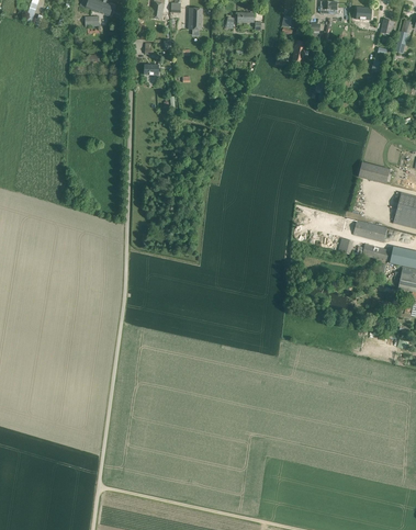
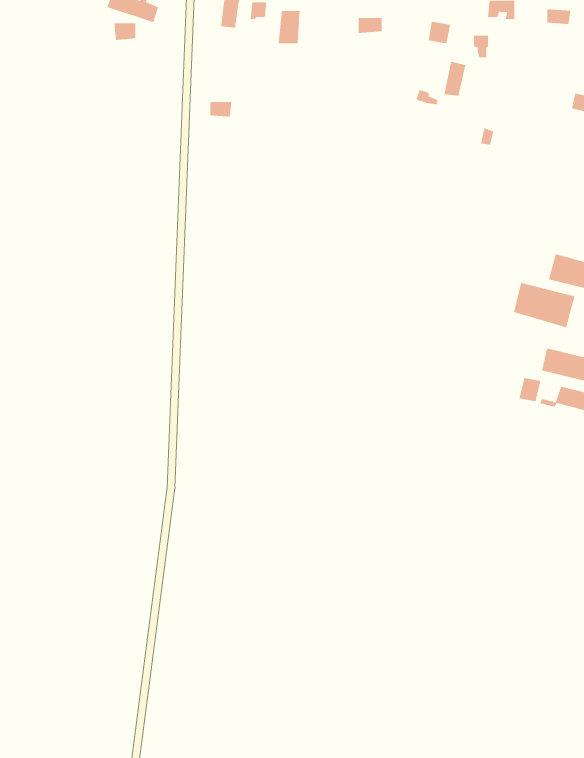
building: none -> [513,282,575,328]

